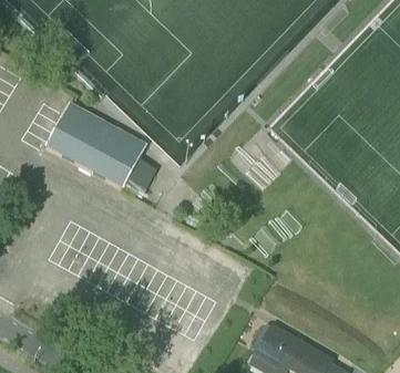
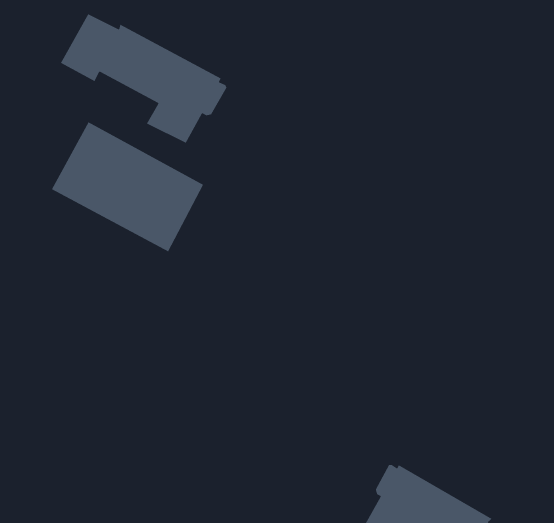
building: none -> [60,13,228,144]

